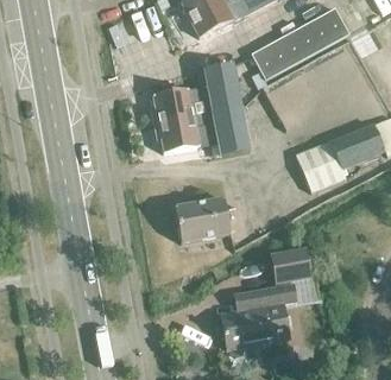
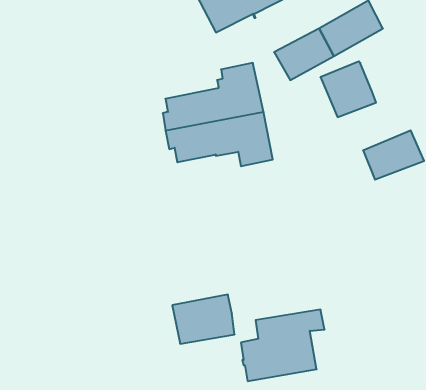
building: [295,141,345,191] -> [320,61,376,117]
building: [174,198,229,242] -> [172,295,235,344]
building: [270,248,310,284] -> none

